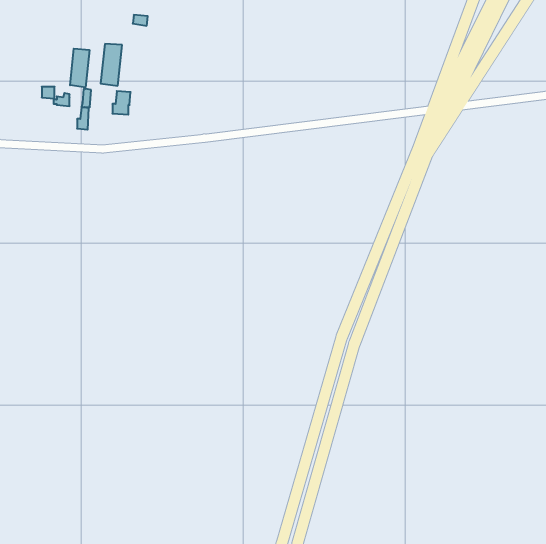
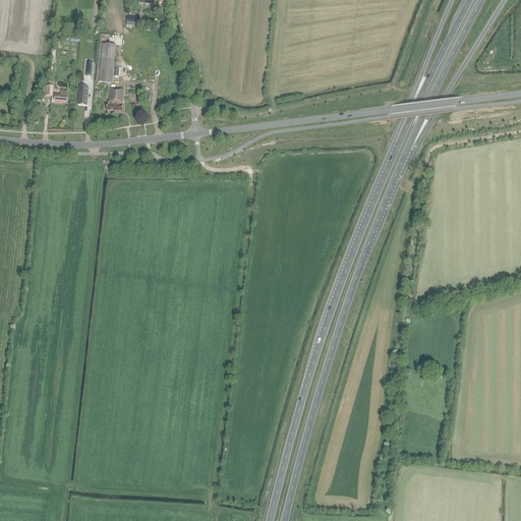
building: [70,49,89,87] -> none

